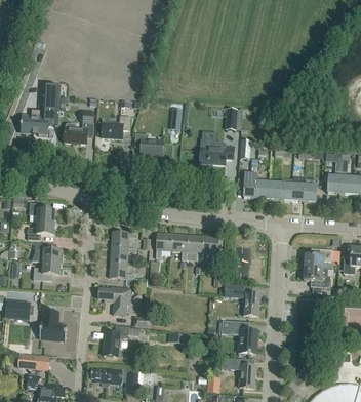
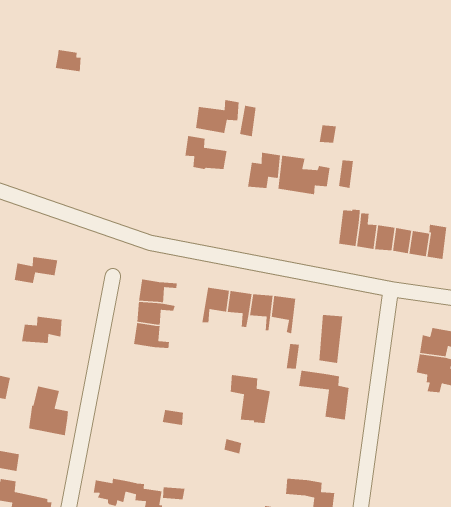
building: [65,110,95,144] -> none
building: [21,111,59,134] -> none
building: [102,115,130,138] -> [195,99,240,134]
building: none -> [247,152,281,189]
building: [29,202,55,223] -> none
building: [33,243,64,263] -> none
building: [98,285,131,314] -> none
building: [231,321,258,353] -> [230,374,271,424]
building: [103,325,128,356] -> none

